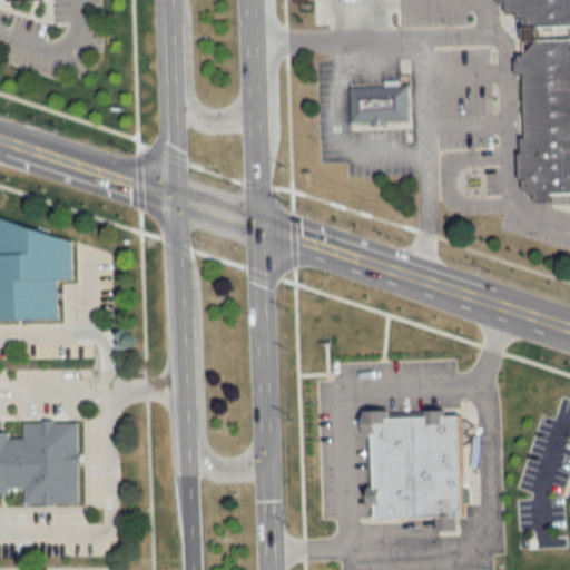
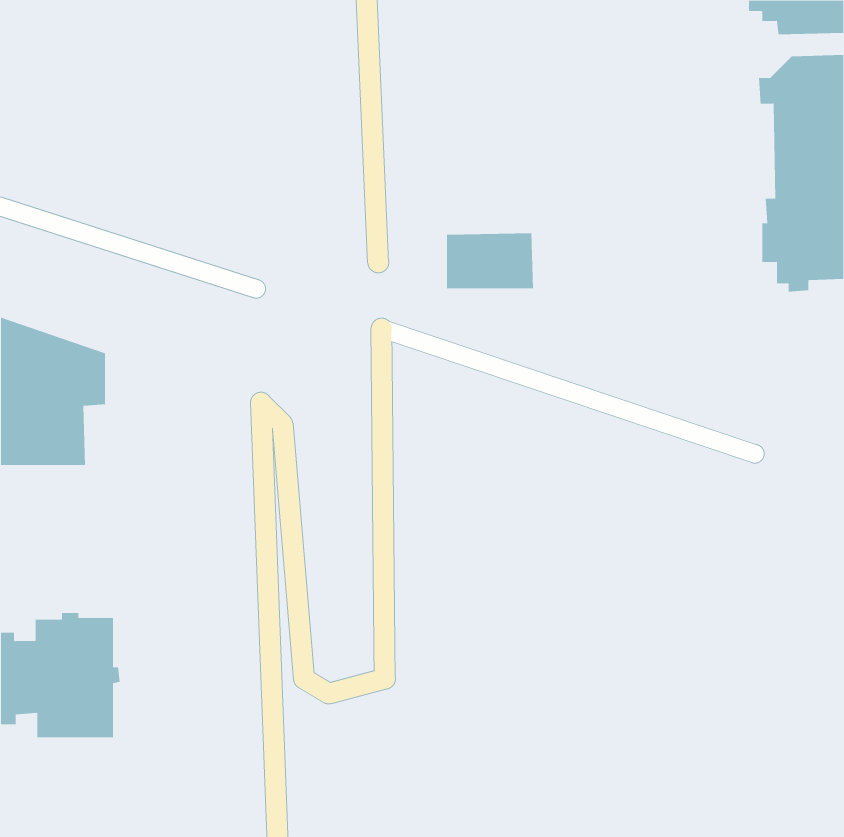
building: [348,85,407,122] -> [446,233,534,289]
building: [364,410,464,531] -> none

